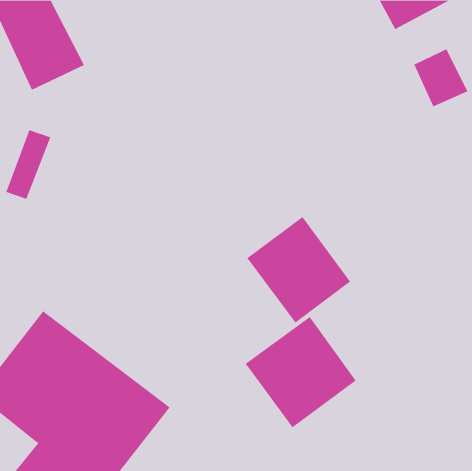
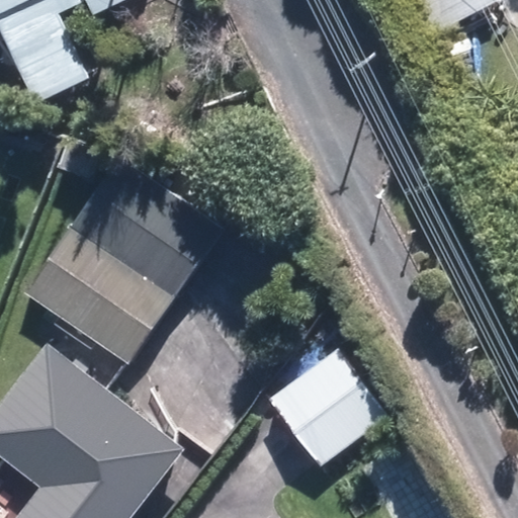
building: none -> [23,160,186,368]
building: [246,216,351,324] -> none

